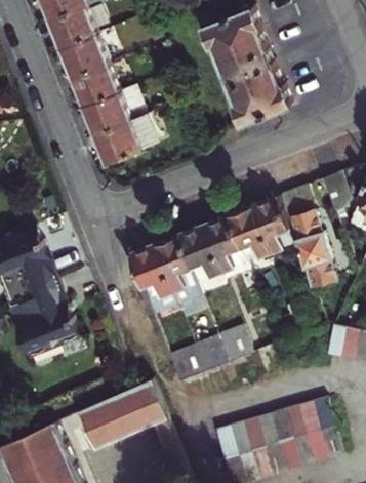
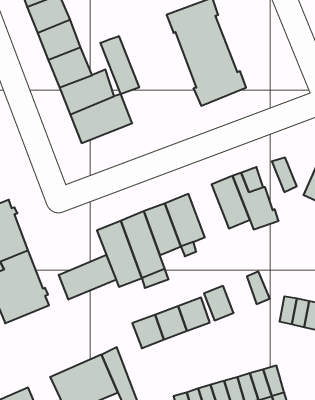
building: none -> [100,36,139,94]
building: [226,205,269,261] -> none
building: [295,244,331,286] -> none
building: none -> [59,255,116,300]

